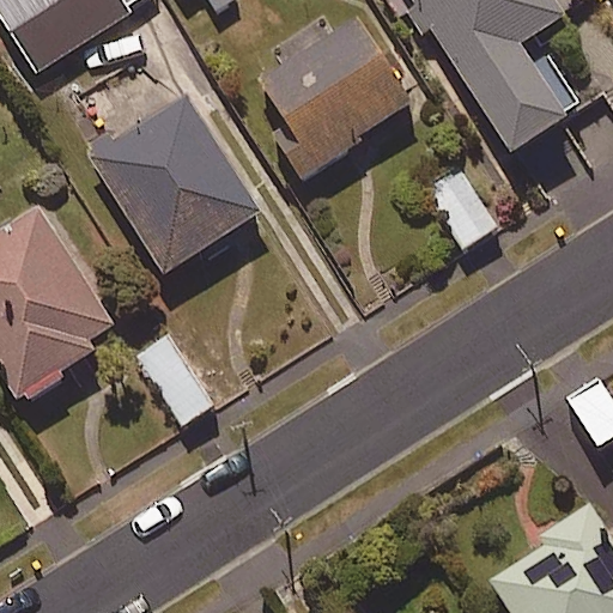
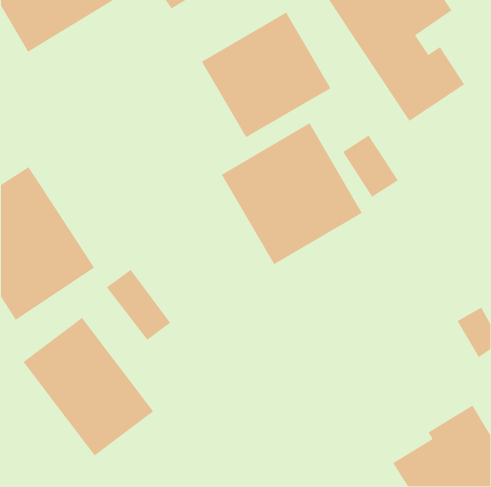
building: [86,96,259,274] -> none
building: none -> [221,122,363,265]
building: none -> [23,317,154,456]

